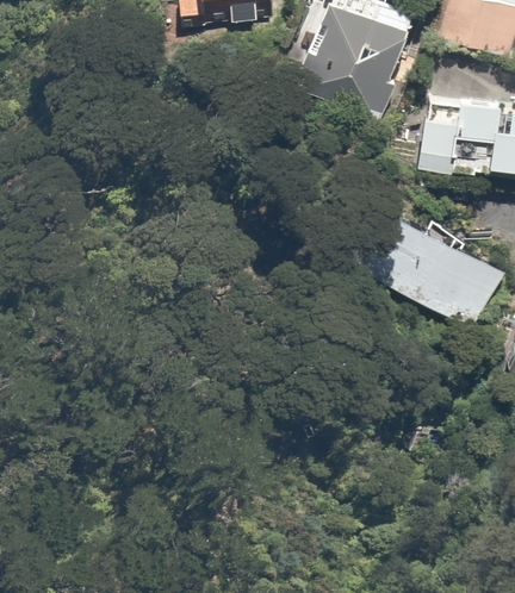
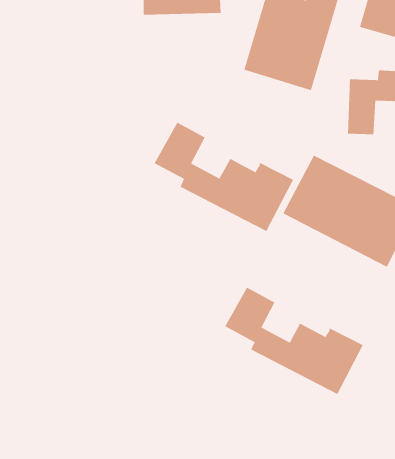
building: none -> [154,122,294,232]
building: none -> [224,287,363,395]

